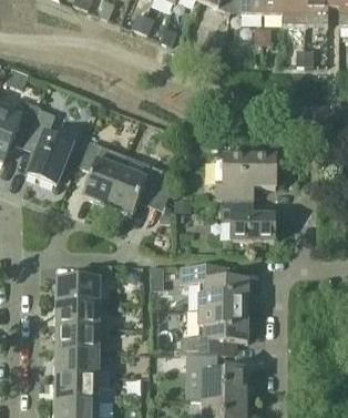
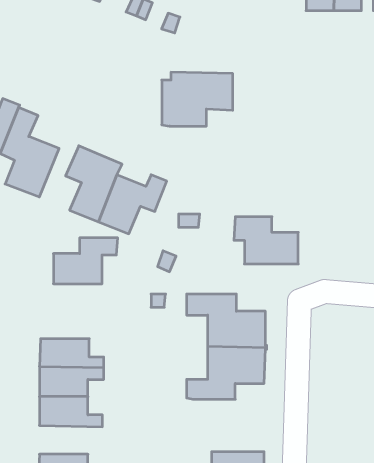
building: [215,153,275,198] -> [162,72,233,126]
building: [58,263,112,302] -> [53,238,118,284]
building: [186,353,246,397] -> none
building: [57,375,110,399] -> none

